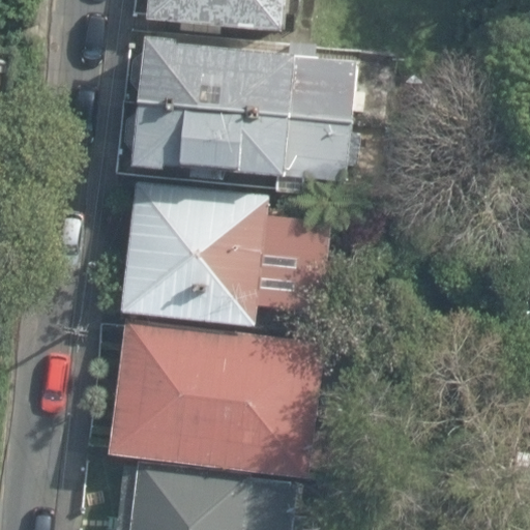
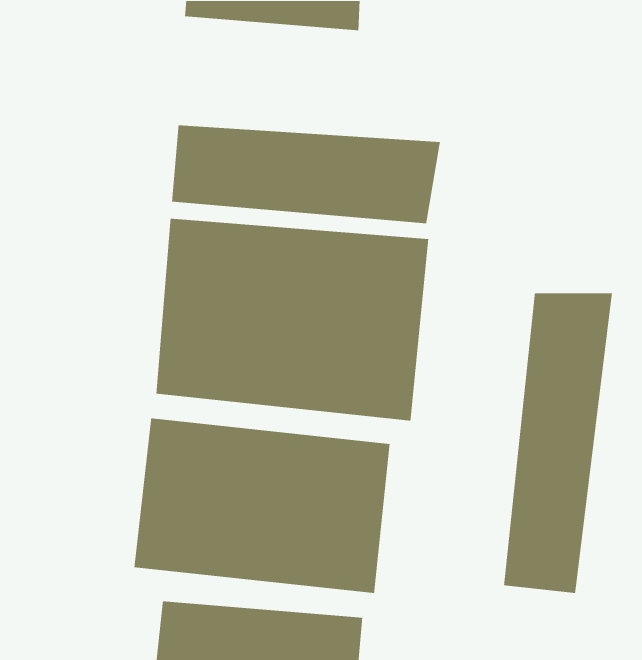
building: [142,34,358,115] -> none
building: none -> [503,293,613,594]

